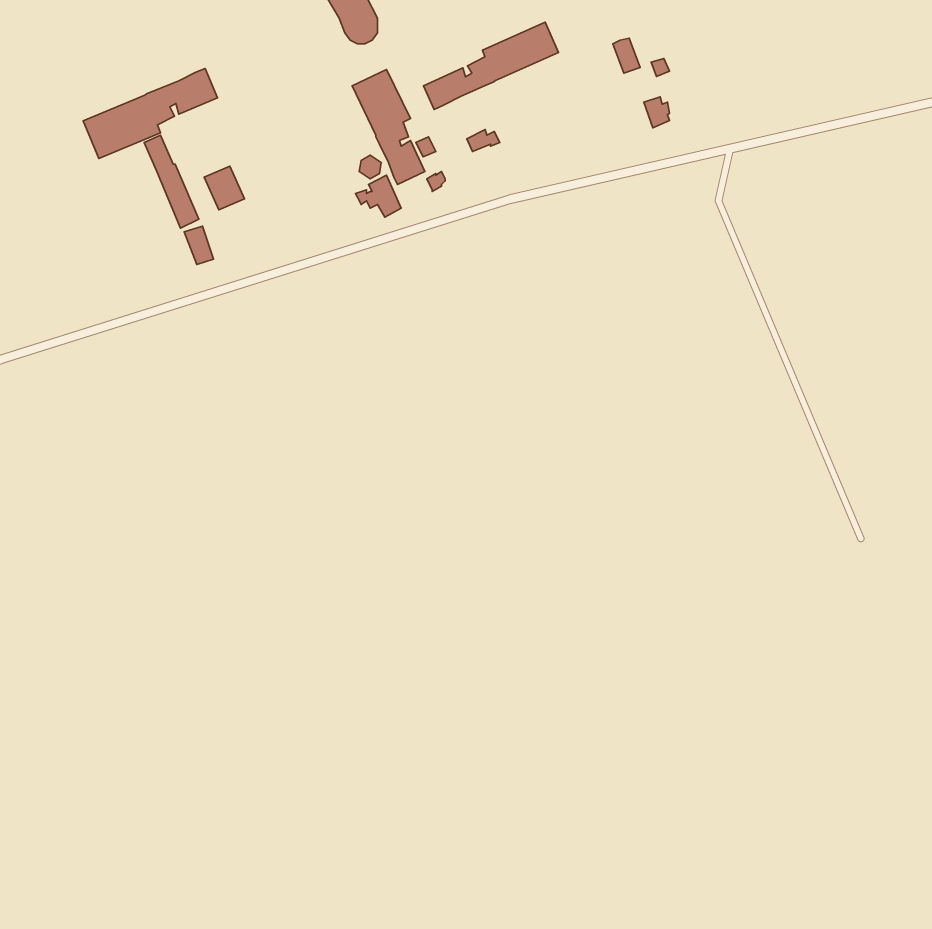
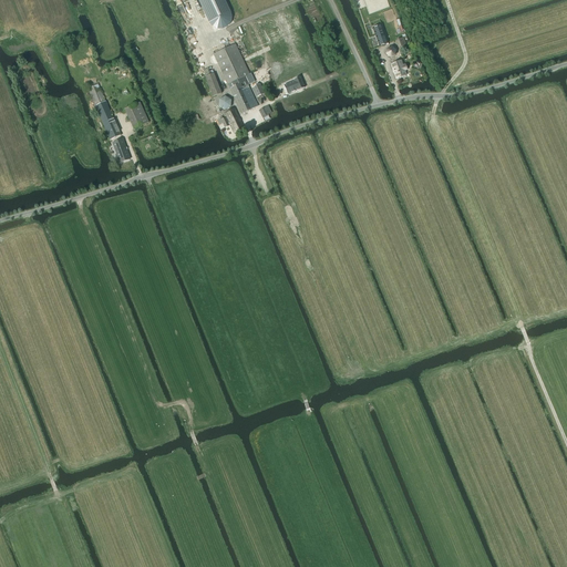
building: [424,22,558,109] -> none
building: [83,68,218,159] -> none

